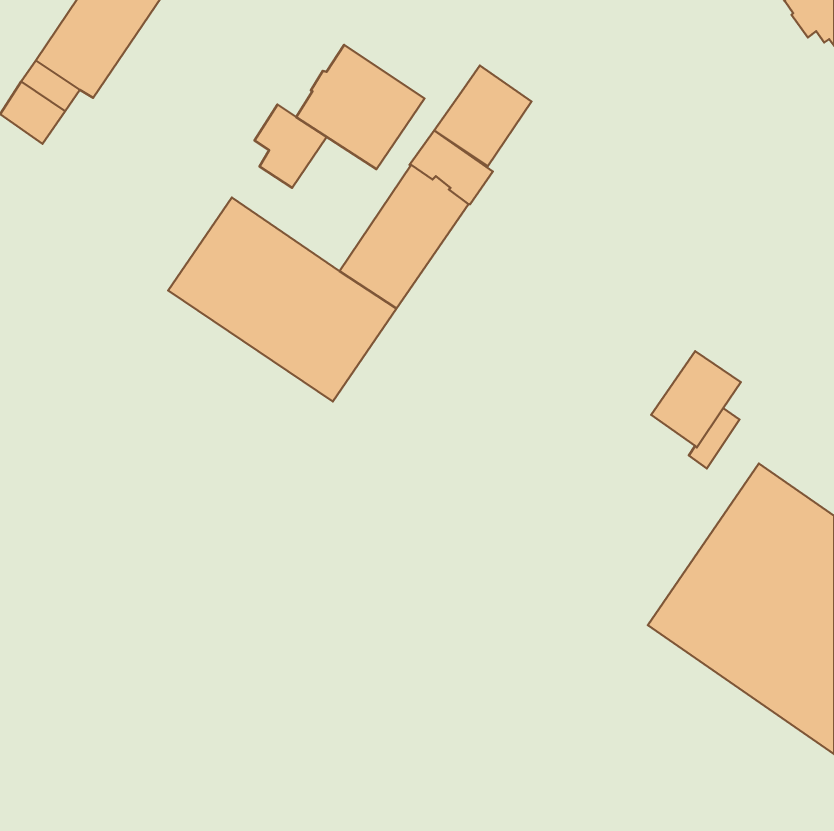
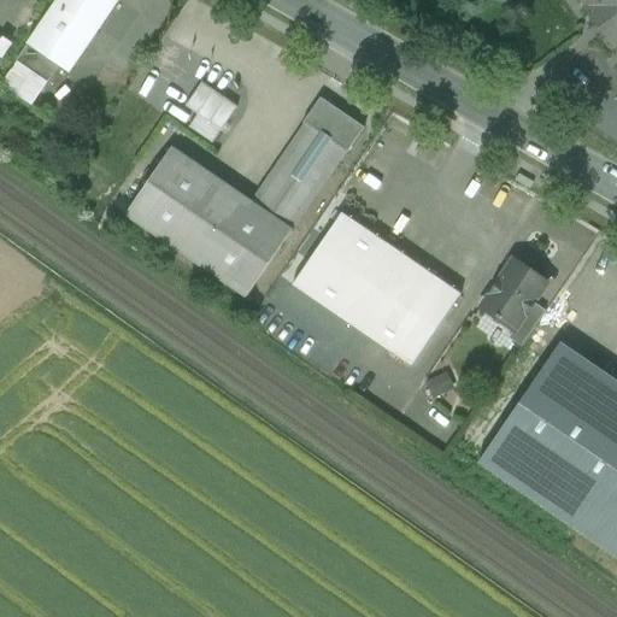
building: [296,45,425,169] -> none
building: [434,65,532,166] -> none
building: none -> [293,212,462,365]

